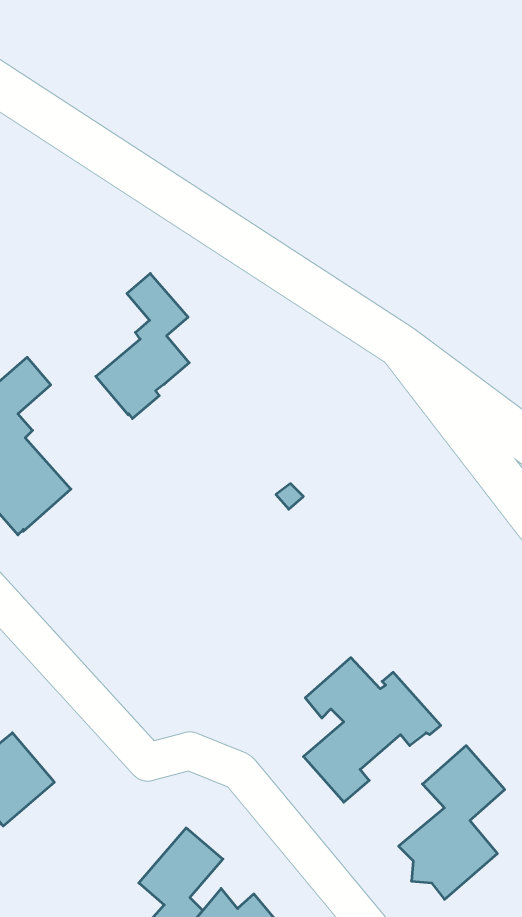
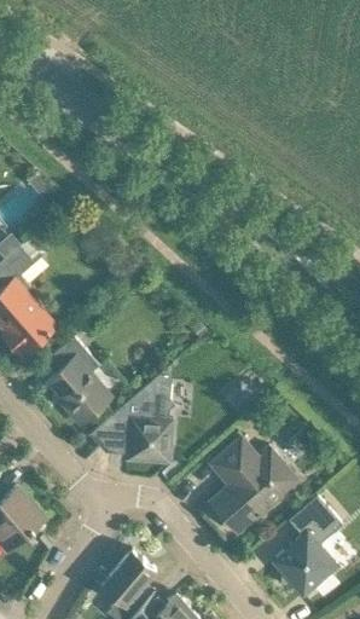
building: [96,273,189,419] -> none
building: none -> [45,339,110,426]
building: none -> [94,364,173,464]

